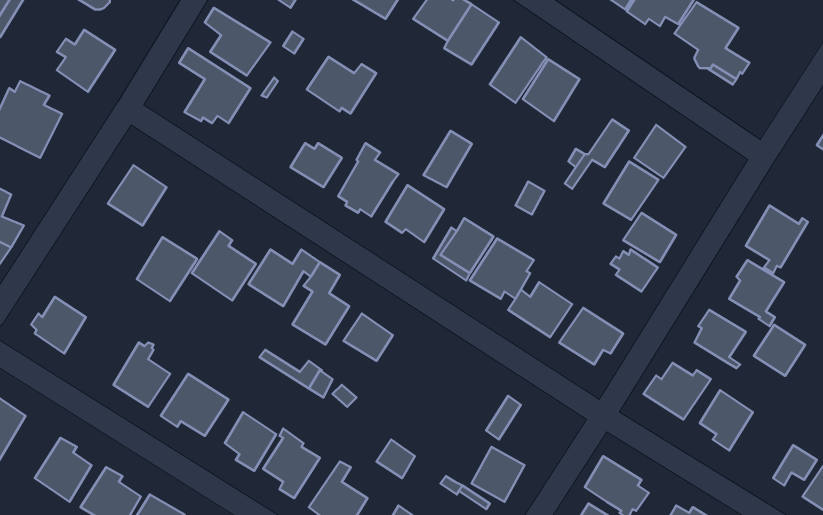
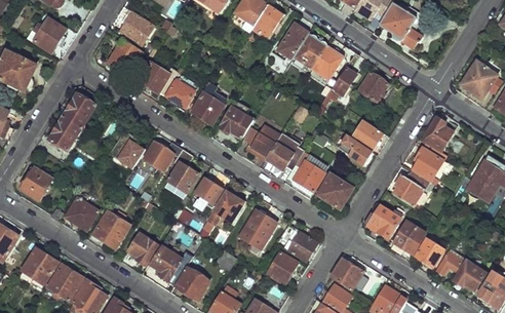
building: [307,57,376,113] -> [139,63,178,94]
building: [424,131,472,187] -> none
building: [604,161,658,220] -> [313,46,344,79]
building: [137,237,197,301] -> [48,116,82,152]
building: [754,325,805,376] -> [415,238,443,267]
building: none -> [202,192,243,233]
building: none -> [239,210,276,249]
building: none -> [288,230,318,261]

